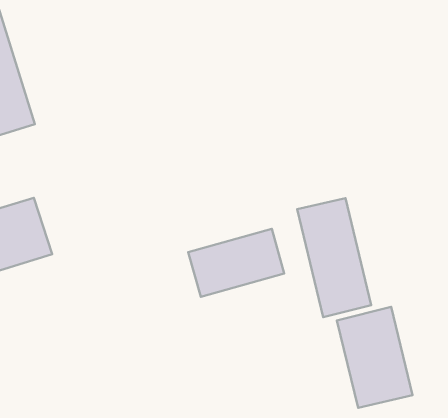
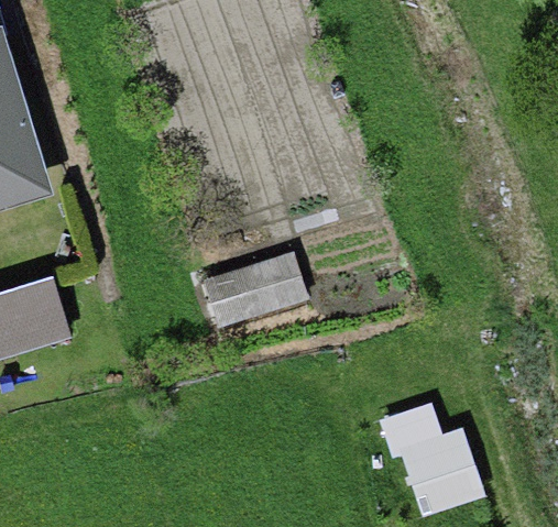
building: [297,198,371,317] -> none
building: [188,229,284,297] -> [209,249,318,326]

